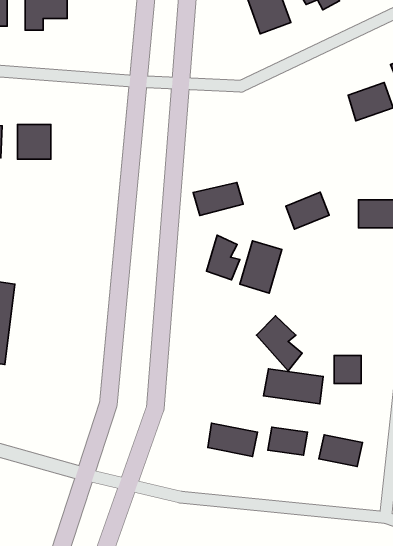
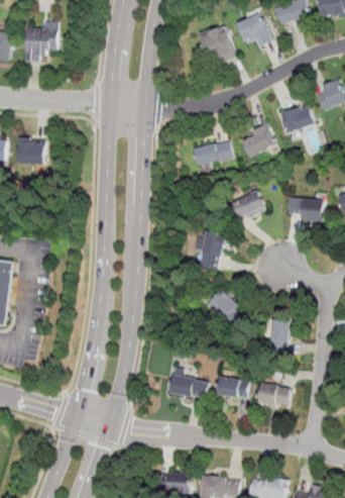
building: none -> [239,126,274,158]
building: [193,182,243,216] -> [194,139,233,166]
building: [207,235,240,280] -> none
building: [264,369,323,404] -> none

